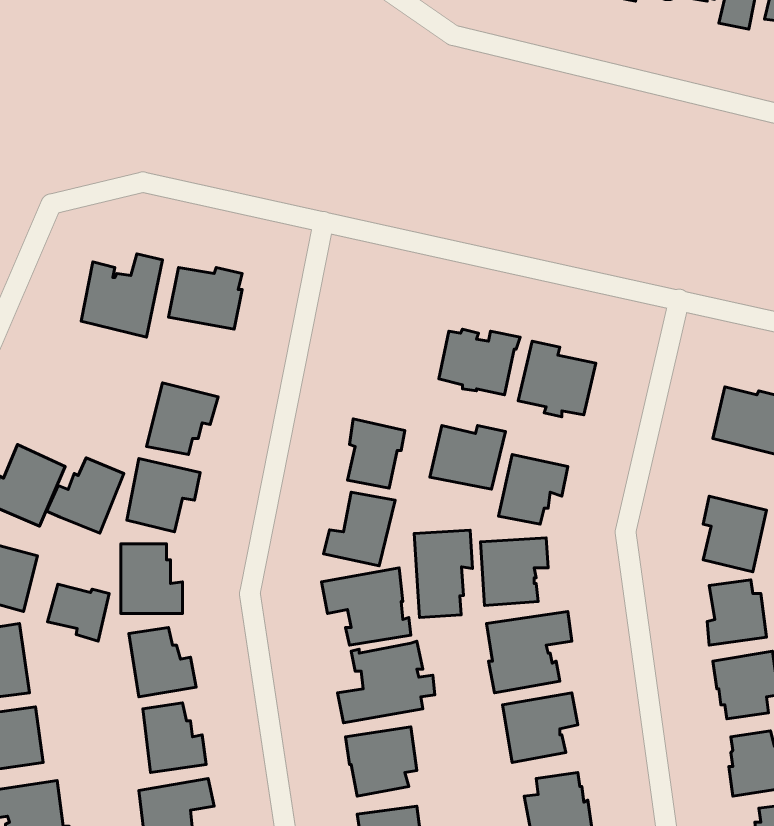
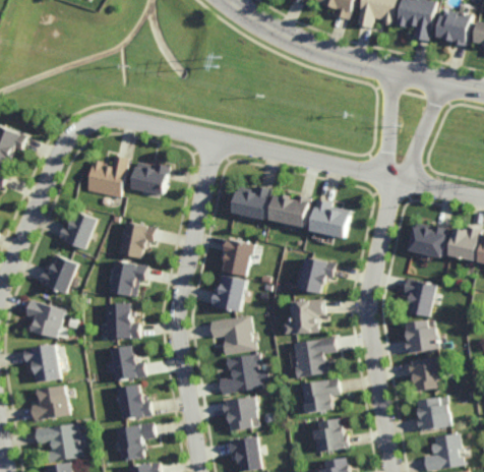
building: [430,426,505,489] -> [231,186,269,219]
building: [46,458,124,533] -> [57,211,97,249]
building: [414,530,473,617] -> none
building: [47,584,109,641] -> none

